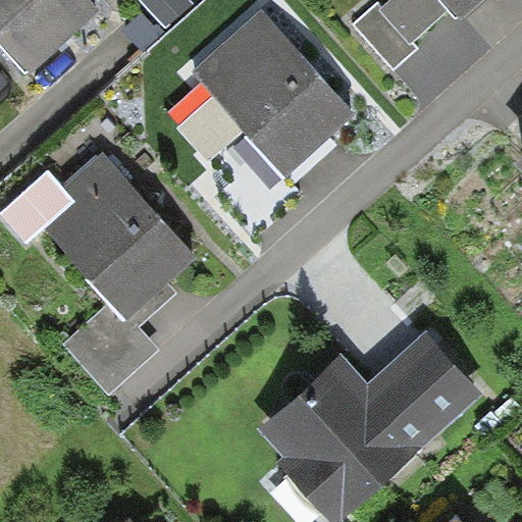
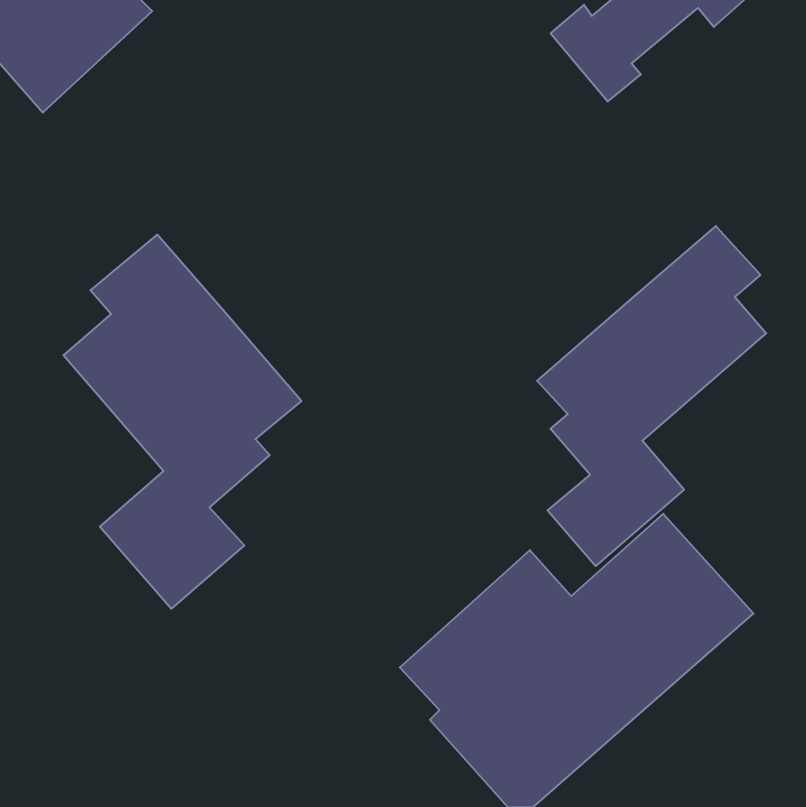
building: [180,8,356,180] -> none
building: none -> [537,226,766,566]

